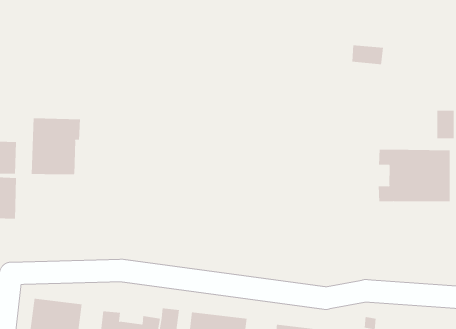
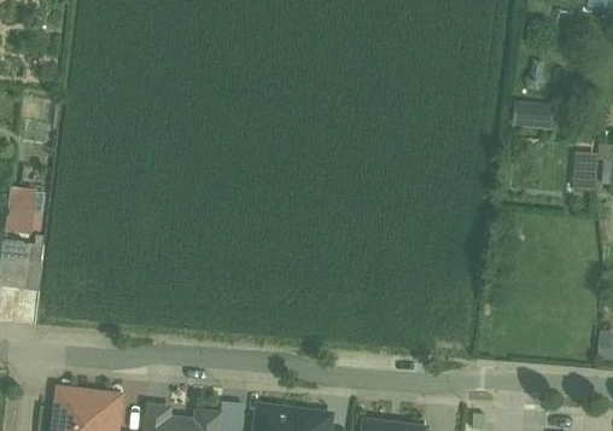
building: [351,45,384,65] -> [514,101,555,127]
building: [31,117,80,175] -> none
building: [378,149,450,202] -> none

